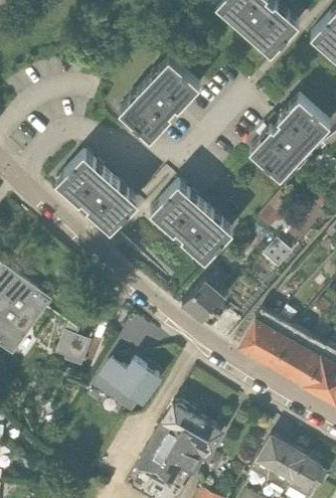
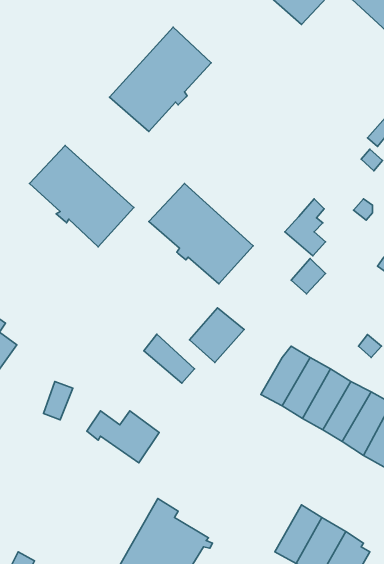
building: [248,97,329,179] -> none
building: none -> [144,334,194,383]
building: [156,403,220,463] -> none

